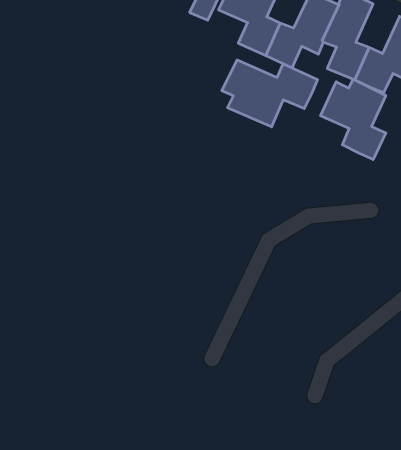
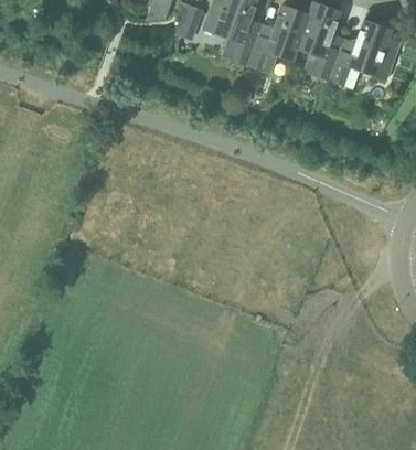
building: [222,60,318,127] -> none
building: [321,79,386,160] -> none

